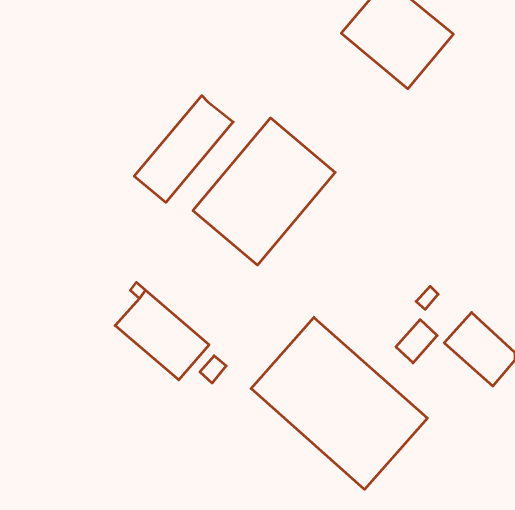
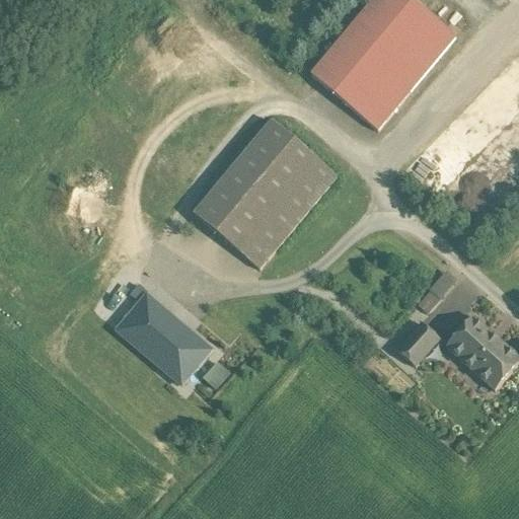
building: none -> [310,33,410,129]
building: [134,96,233,202] -> none
building: [251,317,427,489] -> none

